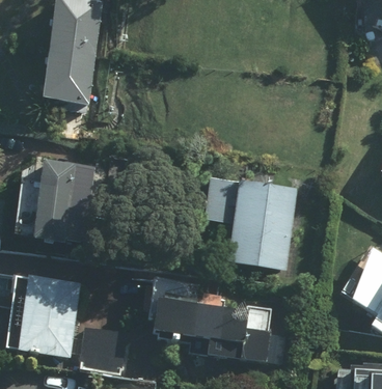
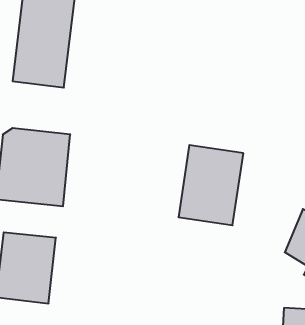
building: [145,303,276,363] -> none
building: [82,326,130,370] -> none

